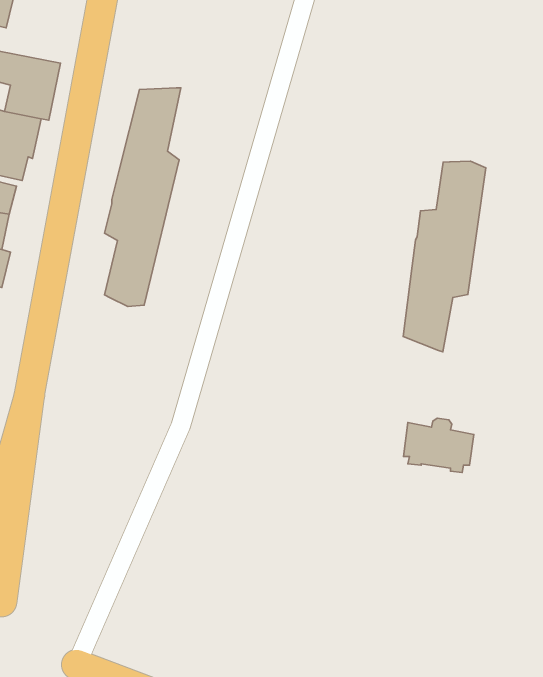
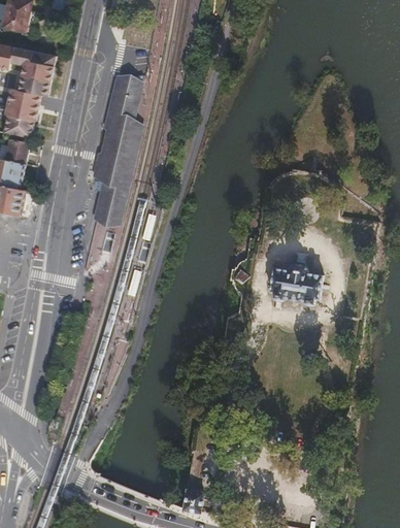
building: [403,161,486,352] -> none
building: [403,418,474,473] -> [271,264,321,302]

